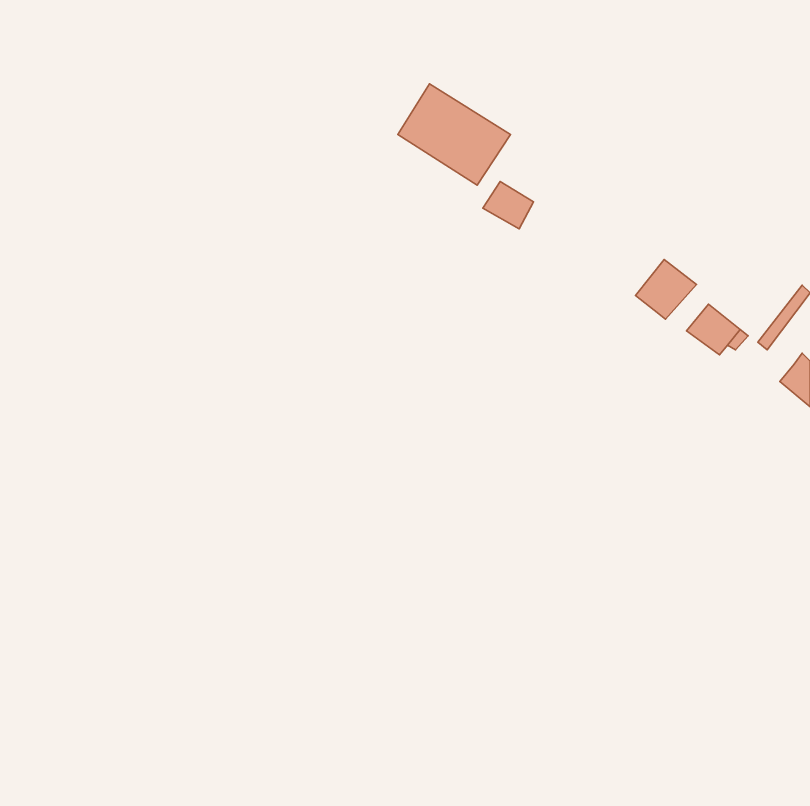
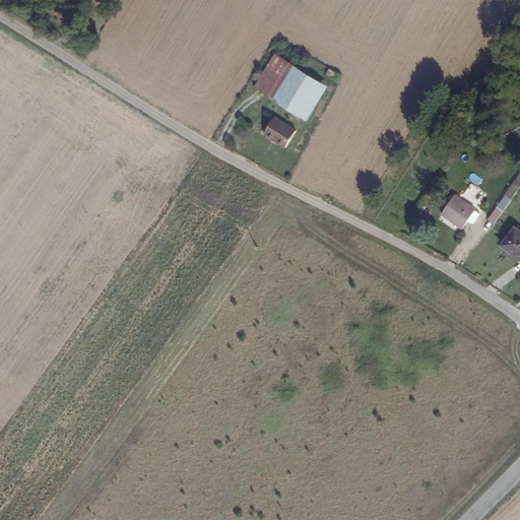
building: [483,181,533,229] -> [262,117,295,147]
building: [635,260,696,319] -> none

